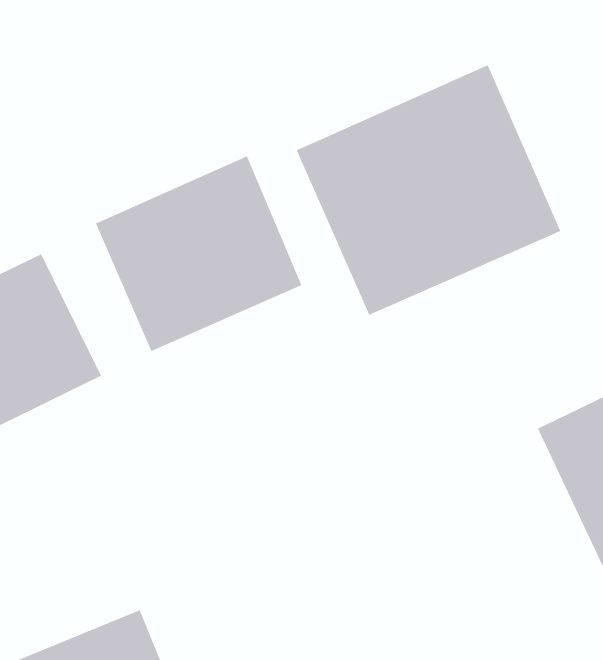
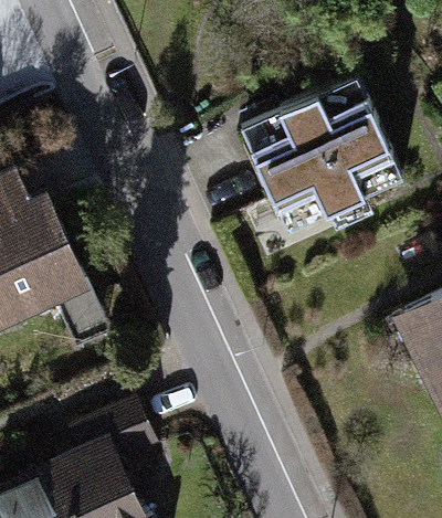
building: [95,156,302,352] -> none

